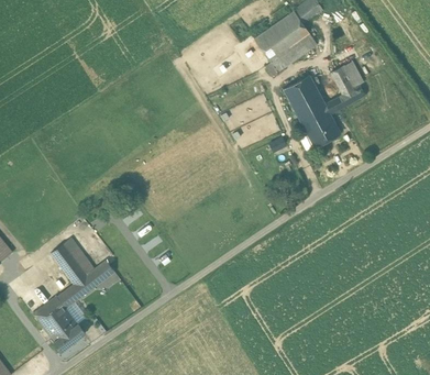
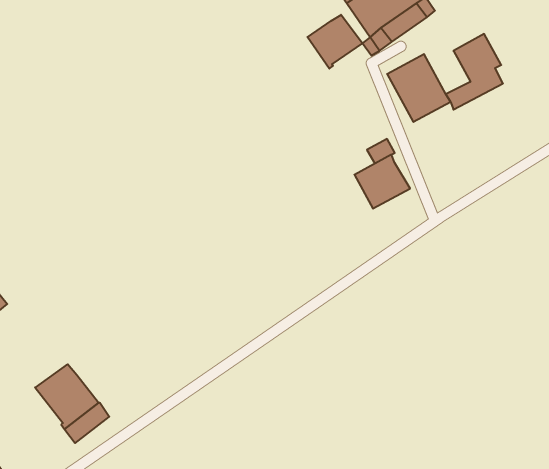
building: none -> [307,15,362,69]
building: [301,108,341,146] -> [354,155,410,209]
building: [51,236,114,304] -> none

